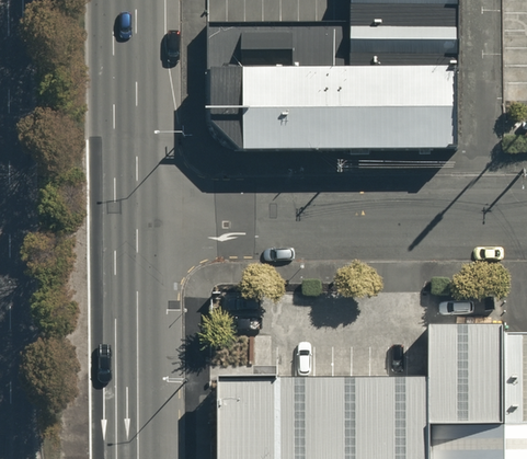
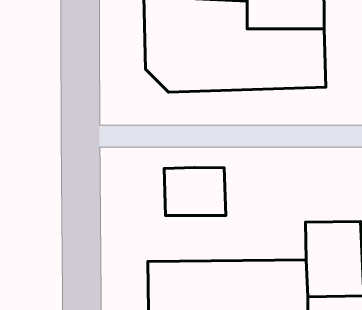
building: none -> [164,168,226,216]

